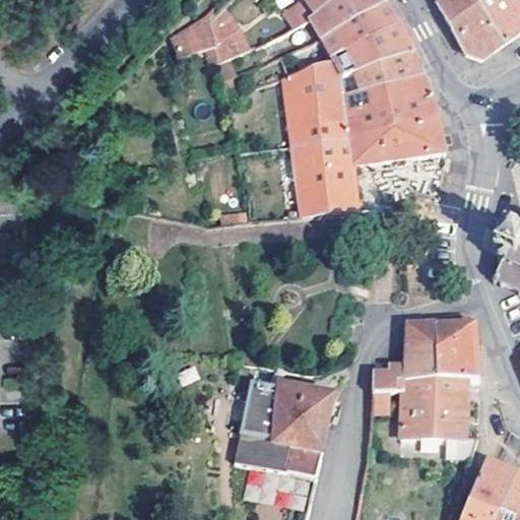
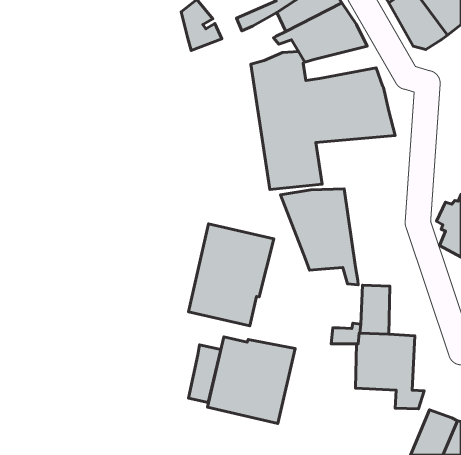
building: [174,13,211,55] -> none
building: [353,52,424,88] -> none
building: none -> [280,189,358,285]
building: none -> [189,224,274,326]
building: [438,321,478,379] -> none
building: none -> [188,345,221,403]

